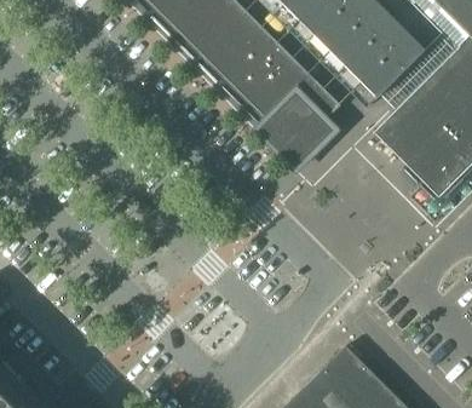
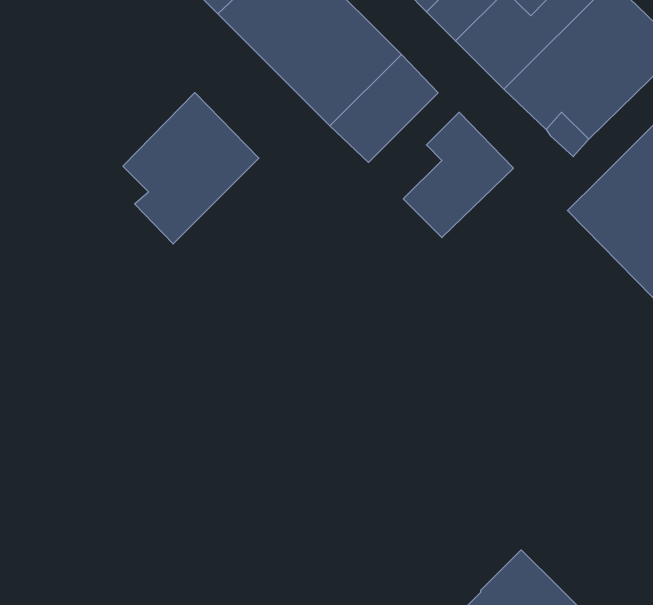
building: none -> [123,93,259,244]
building: [249,59,306,126] -> none

